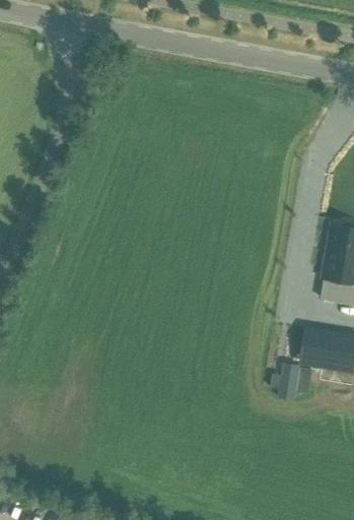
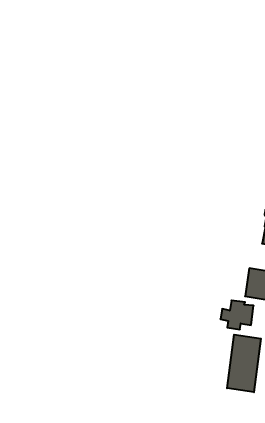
building: none -> [227,335,261,392]

